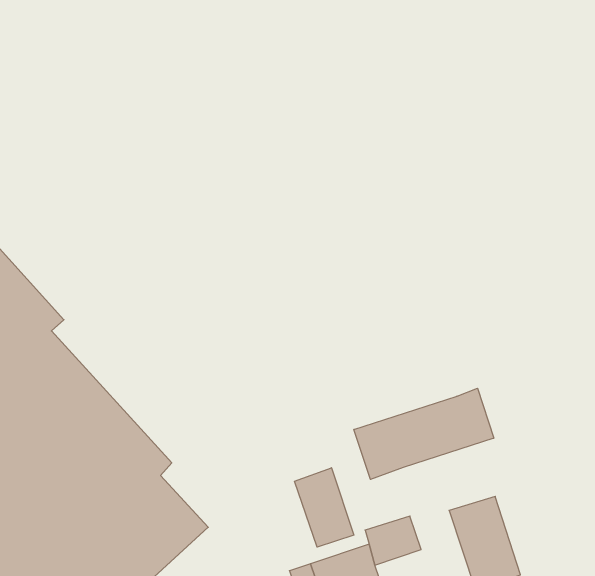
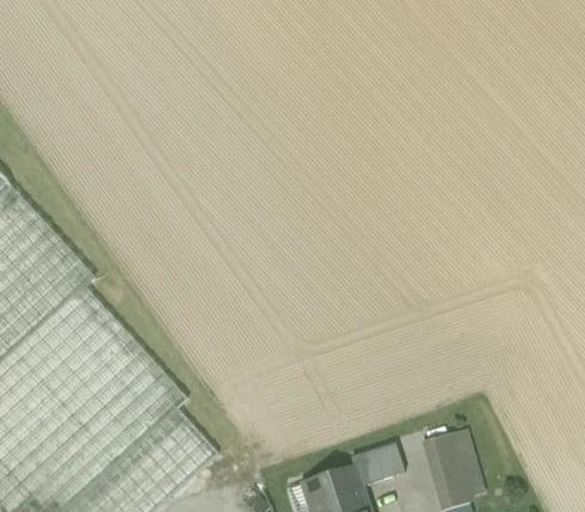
building: [354,388,494,479] -> none
building: [295,468,354,547] -> none

